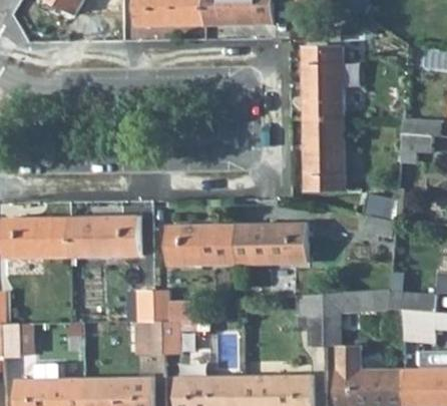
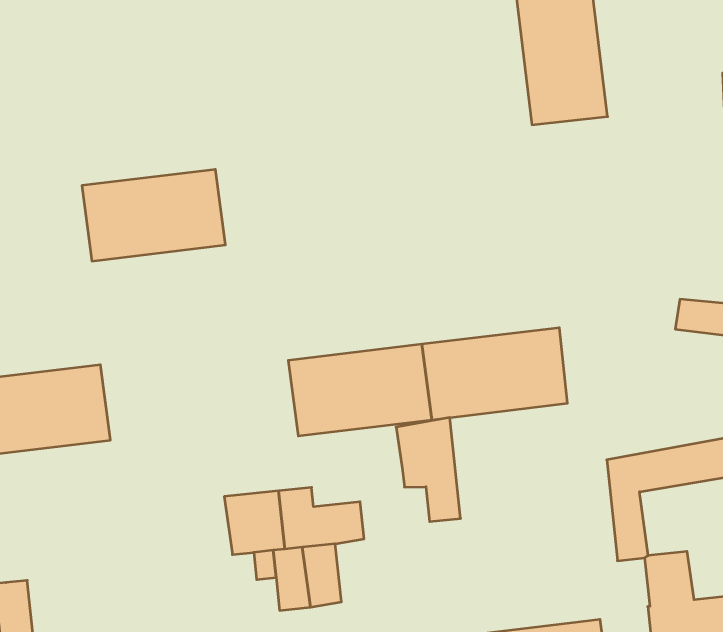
building: [303,118,343,188] -> none
building: [69,217,139,257] -> [82,169,225,261]
building: [295,294,323,346] -> [396,418,461,522]

